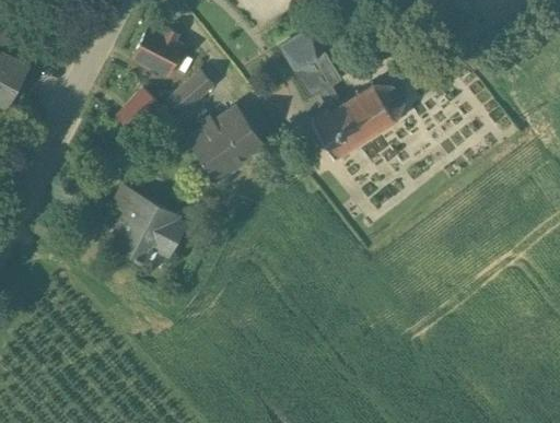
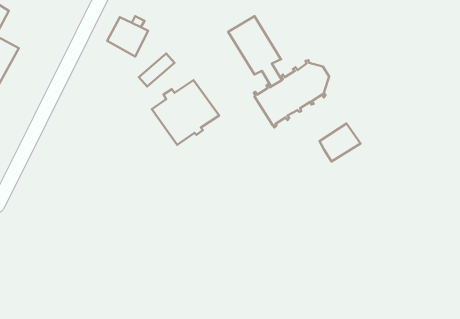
building: [116,89,161,133] -> none
building: none -> [319,124,361,161]
building: [110,187,185,265] -> none

